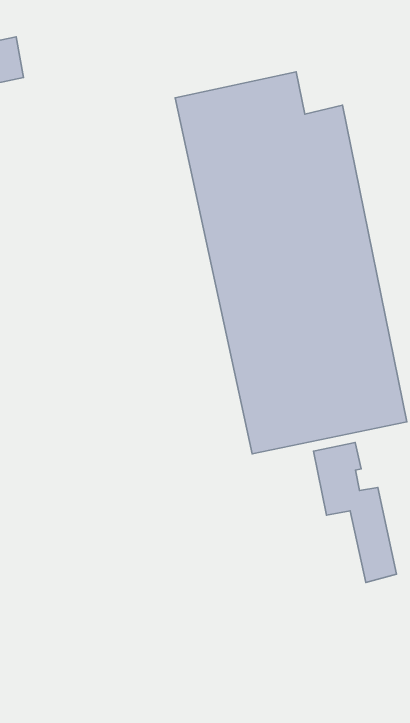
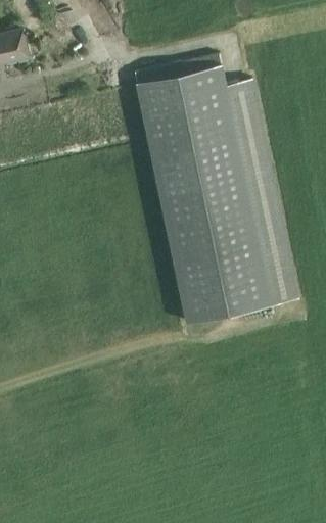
building: [314,442,397,582] -> none

